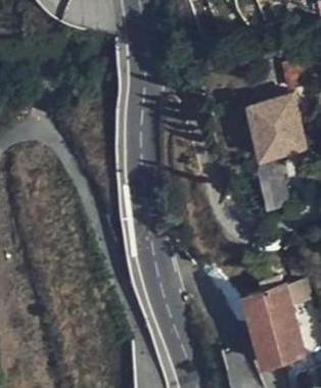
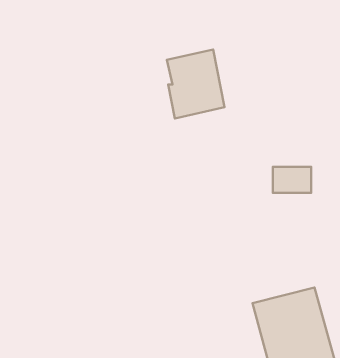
building: [249,96,302,158] -> [167,50,224,118]

